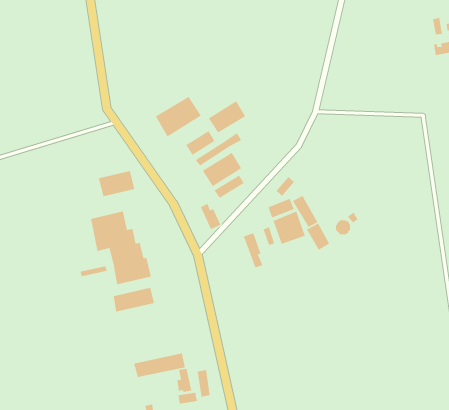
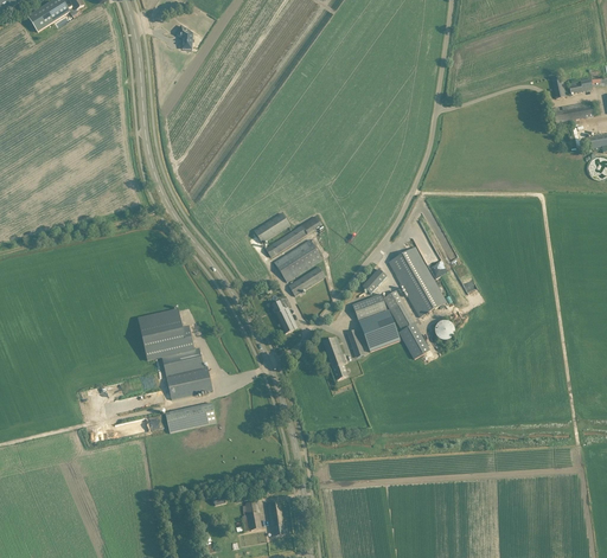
building: [155,96,202,137] -> none
building: [208,100,246,134] -> none
building: none -> [388,246,445,316]
building: [98,170,135,197] -> none
building: [133,352,186,378] -> none

